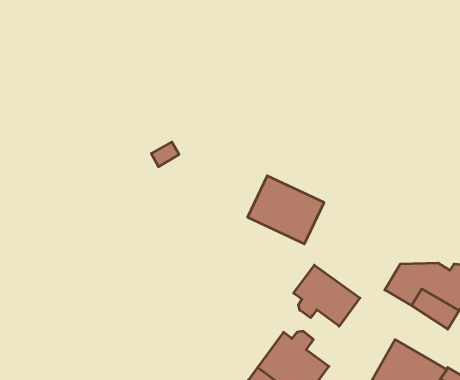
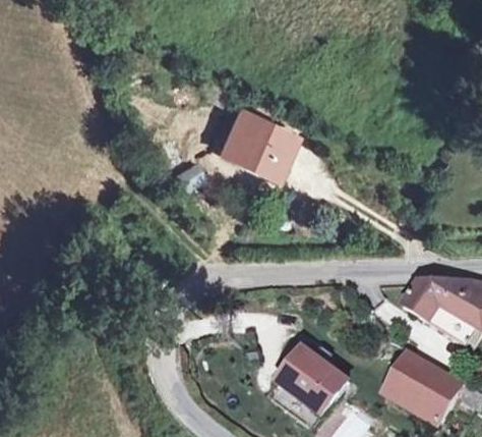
building: [248,176,324,244] -> [217,103,292,170]
building: [294,265,360,326] -> none

